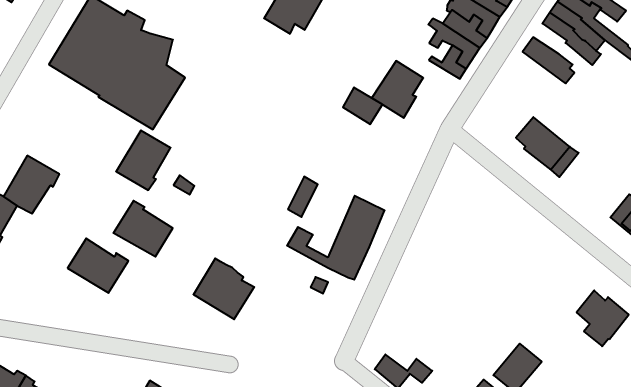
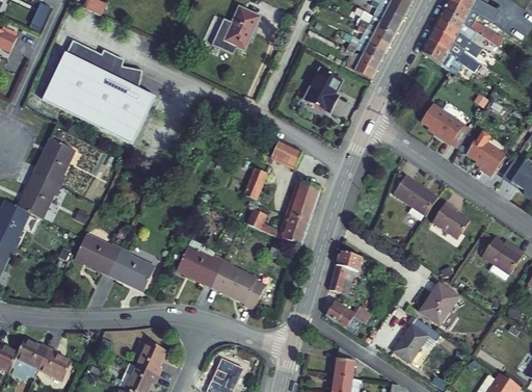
building: none -> [426,28,478,72]
building: [343,87,382,124] -> [271,140,302,168]
building: [116,130,171,190] -> [33,137,75,184]
building: none -> [466,131,504,175]
building: [113,201,173,257] -> [108,247,155,290]
building: none -> [392,175,437,219]
building: none -> [431,201,469,238]
building: none -> [210,259,264,309]
building: none -> [328,251,362,302]

